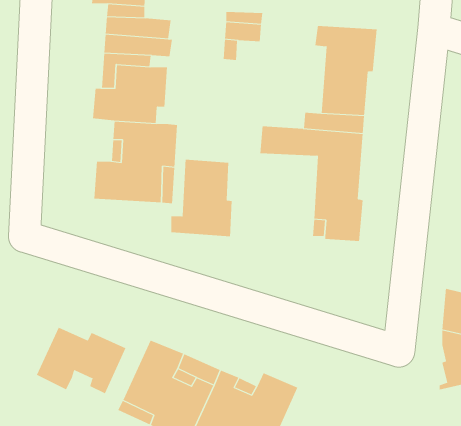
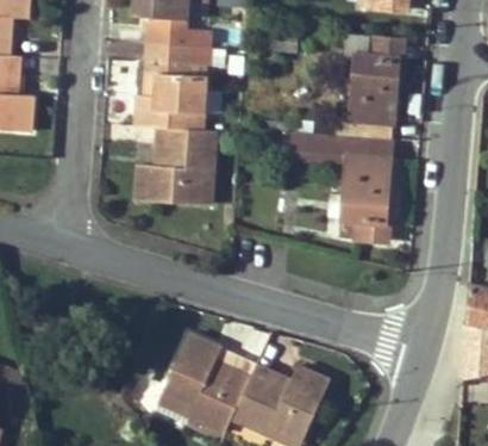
building: [171,159,232,237] -> none
building: [36,327,126,394] -> none

